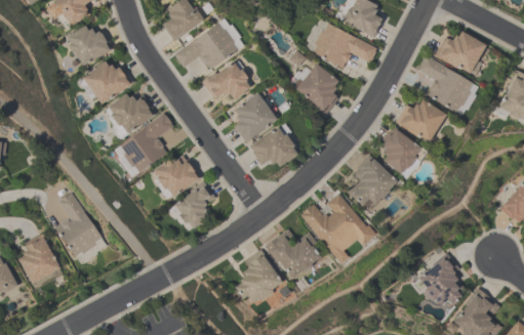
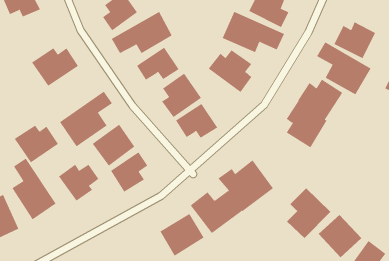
building: [64,24,114,67] -> none
building: [102,92,155,137] -> [14,125,59,163]
building: [347,153,400,213] -> [286,188,331,239]
building: none -> [58,164,99,201]

